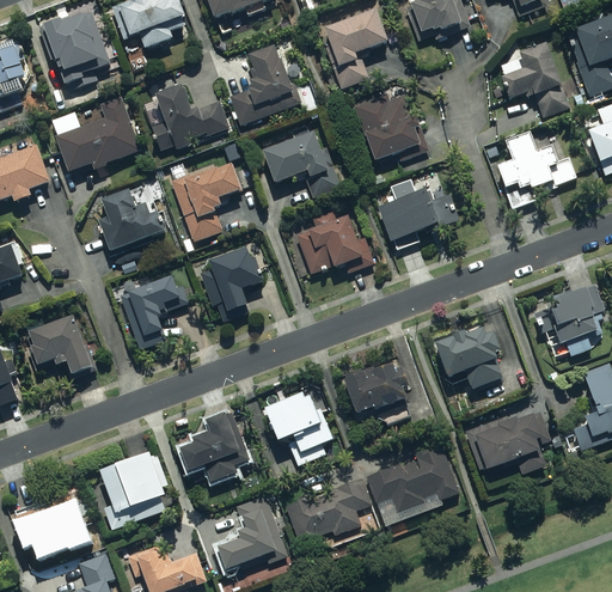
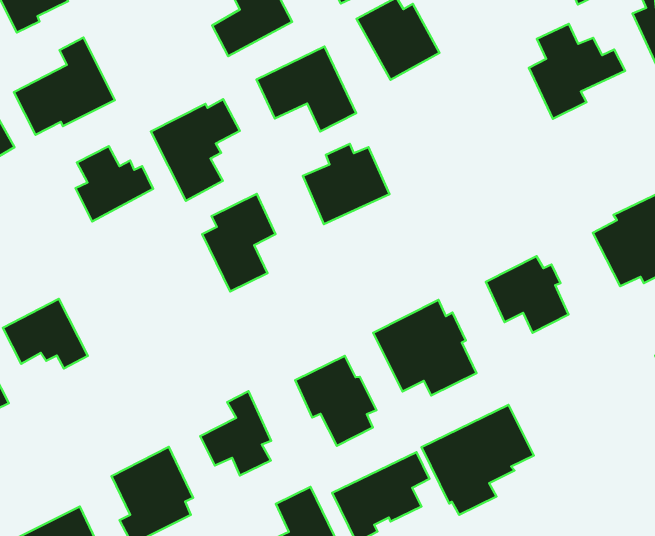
building: [140,81,228,152] -> none
building: [378,177,460,252] -> none
building: [115,273,188,352] -> none
building: [466,409,546,475] -> none

